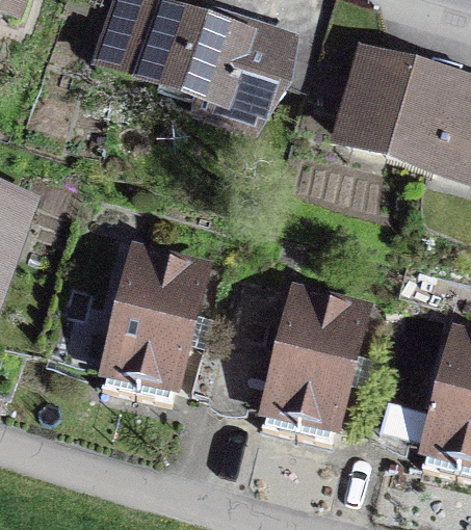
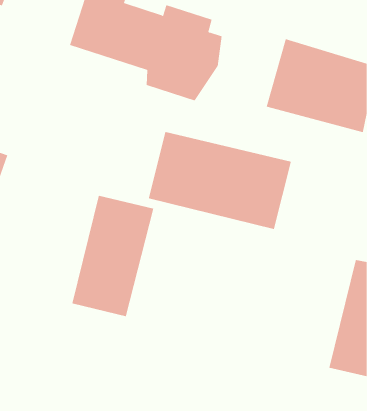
building: none -> [148,131,291,230]
building: [262,284,365,436] -> none

